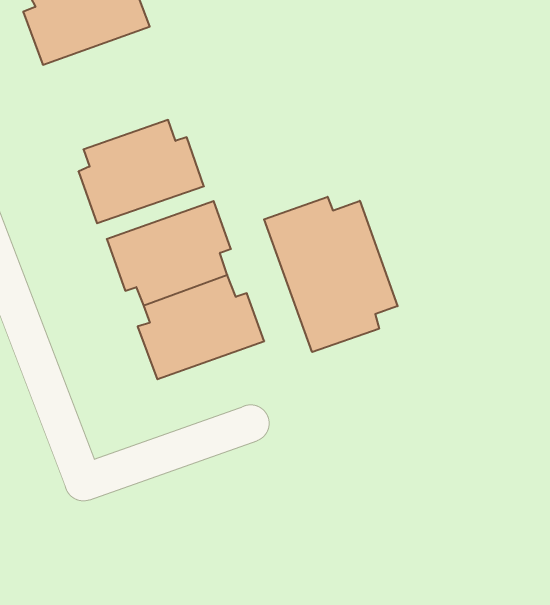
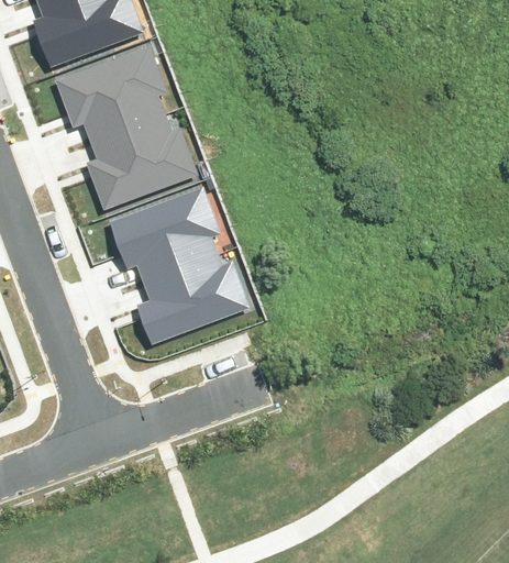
building: none -> [55,44,166,137]
building: [264,197,398,352] -> none

